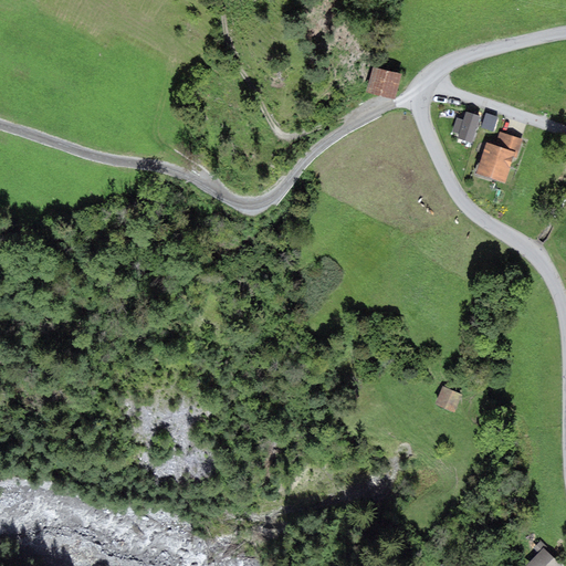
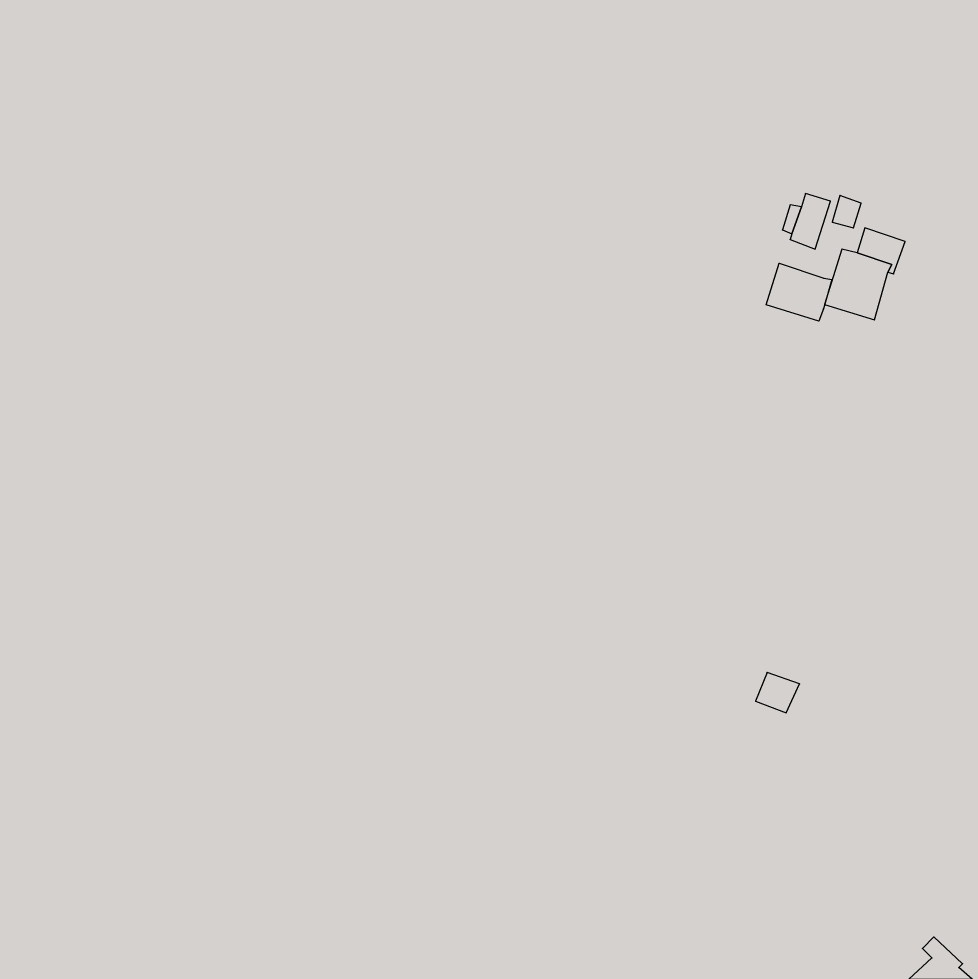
building: [368,67,400,98] -> none
building: none -> [766,263,832,321]

